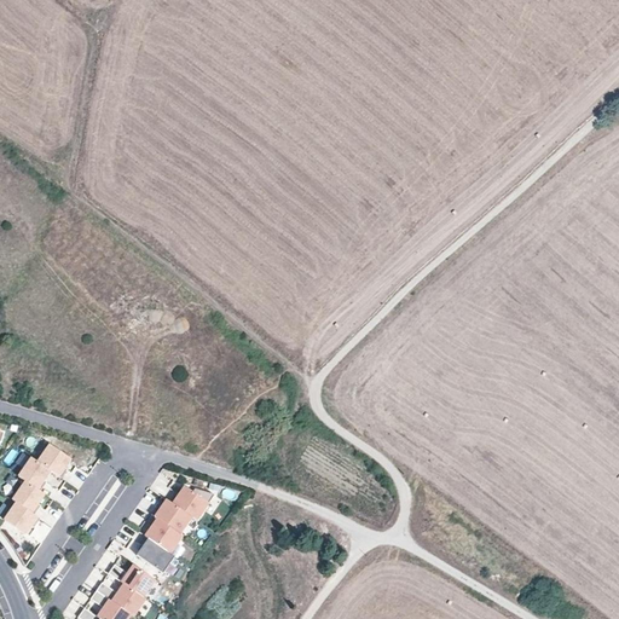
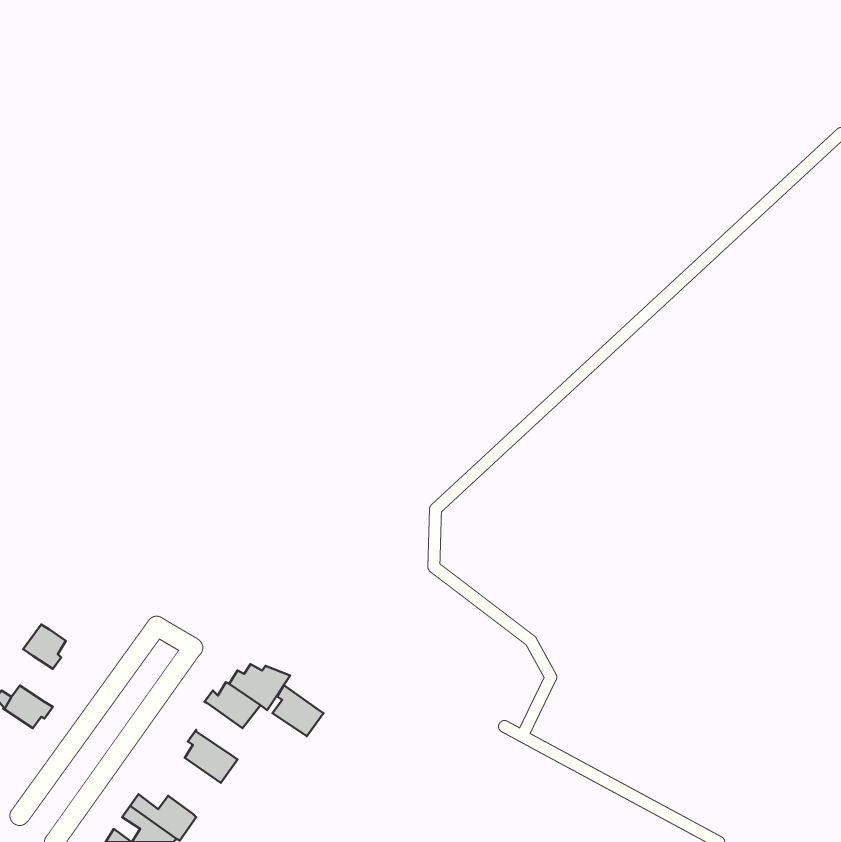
building: [36,444,70,479] -> none
building: [11,481,42,515] -> none
building: [144,516,181,554] -> [272,685,323,736]
building: [108,565,154,597] -> none

